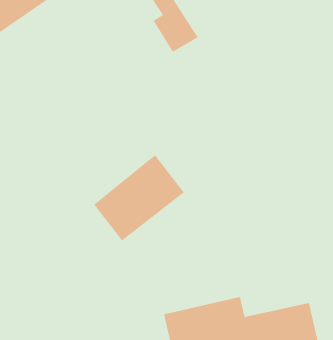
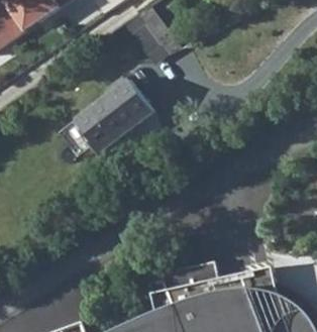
building: [93,154,185,241] -> [75,81,152,154]

